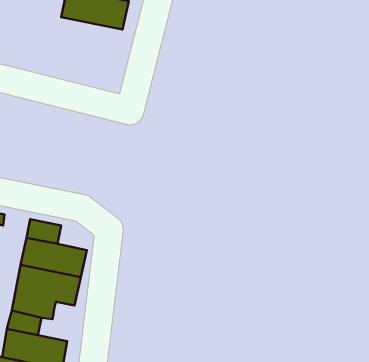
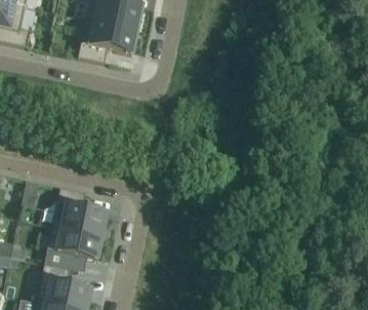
building: none -> [77,18,136,62]

